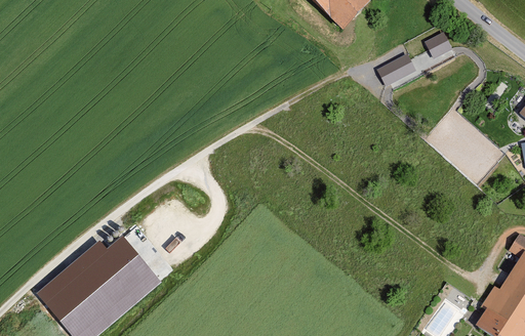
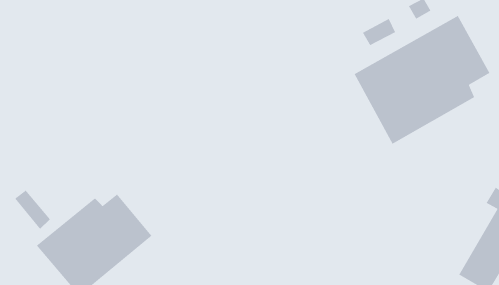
building: none -> [353,15,490,145]
building: none -> [14,189,51,230]

